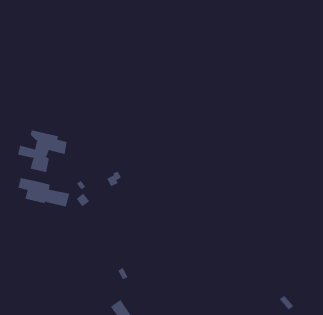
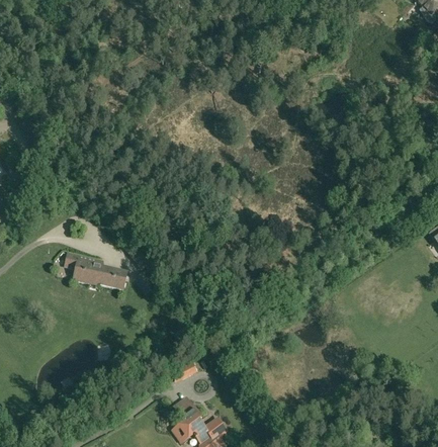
building: [18,129,67,173] -> none

